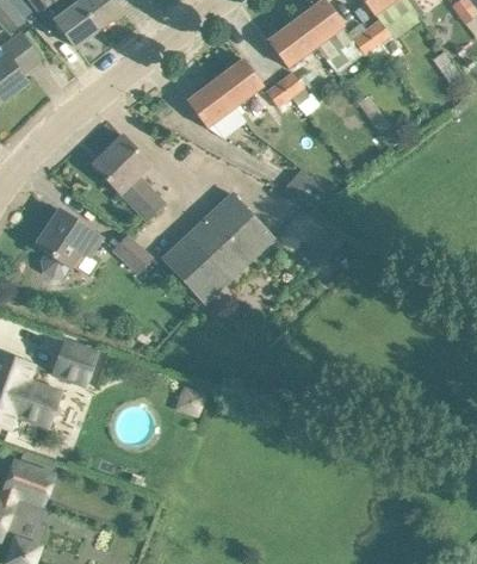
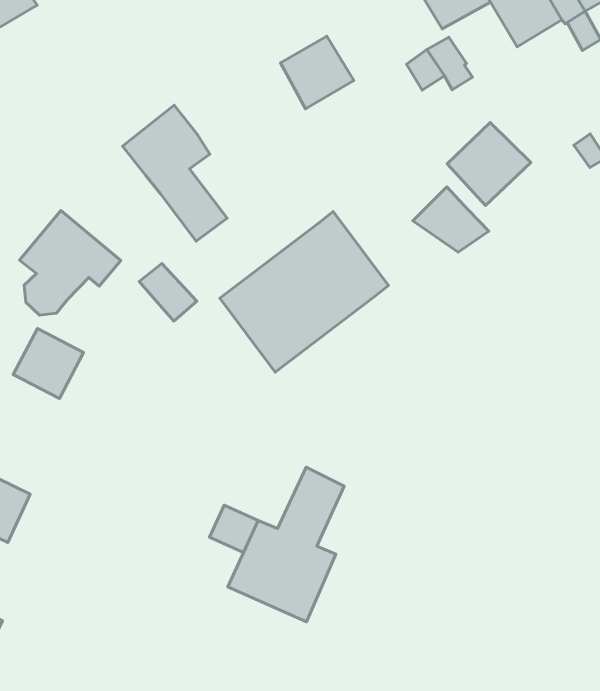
building: [215,58,264,106] -> none
building: none -> [447,123,531,206]
building: [54,341,97,384] -> [13,328,83,399]
building: none -> [228,467,344,622]

